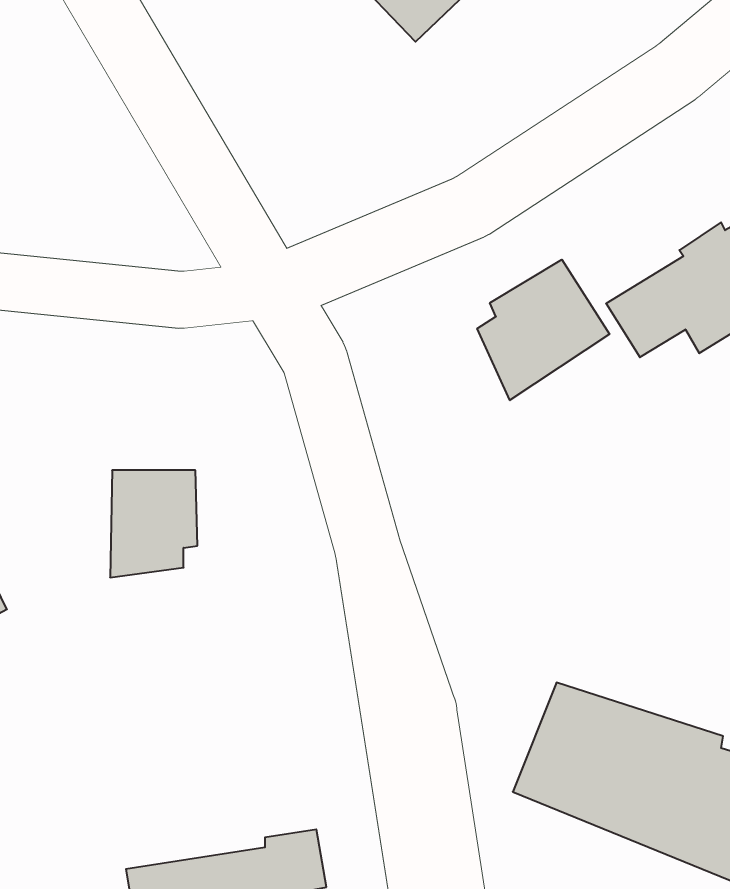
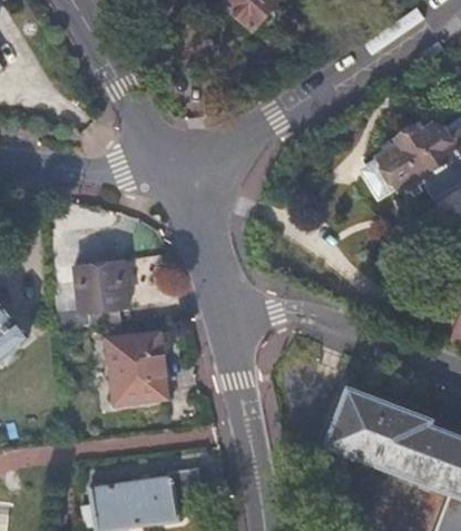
building: [477,260,609,400] -> none
building: none -> [109,333,165,400]

